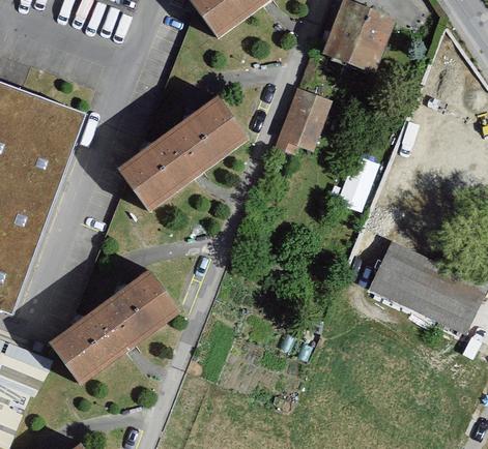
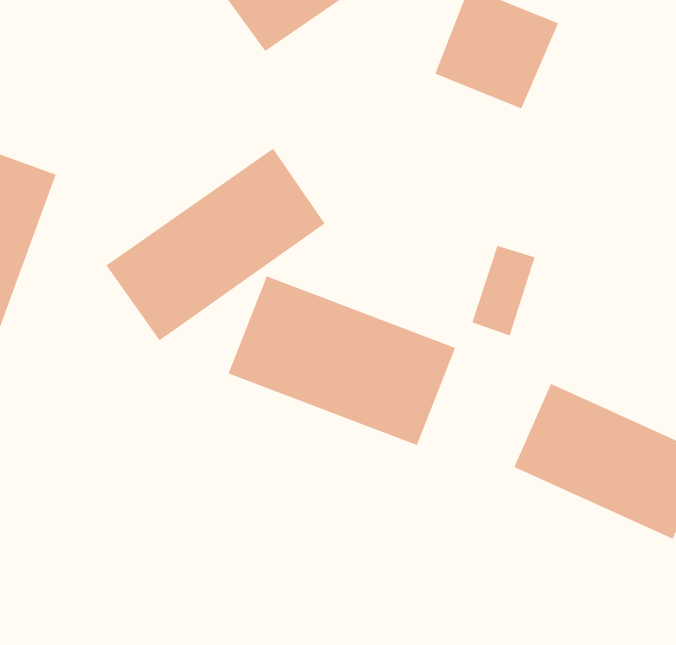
building: [274,89,331,154] -> none
building: none -> [228,275,456,446]
building: [56,262,192,380] -> none

